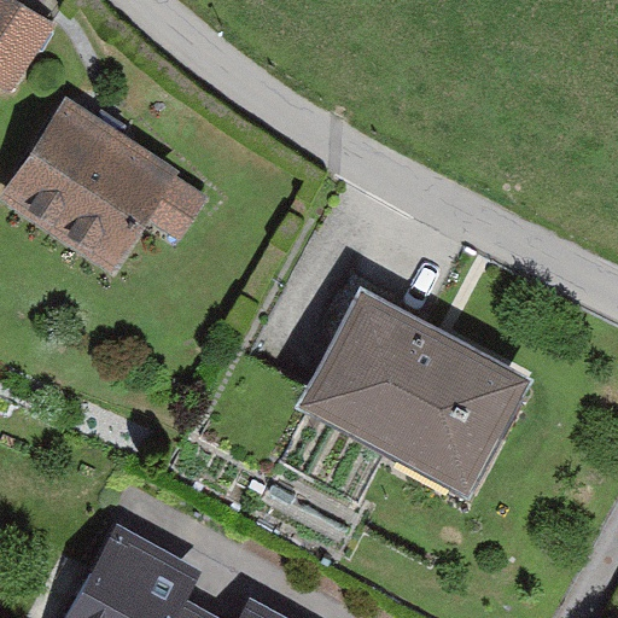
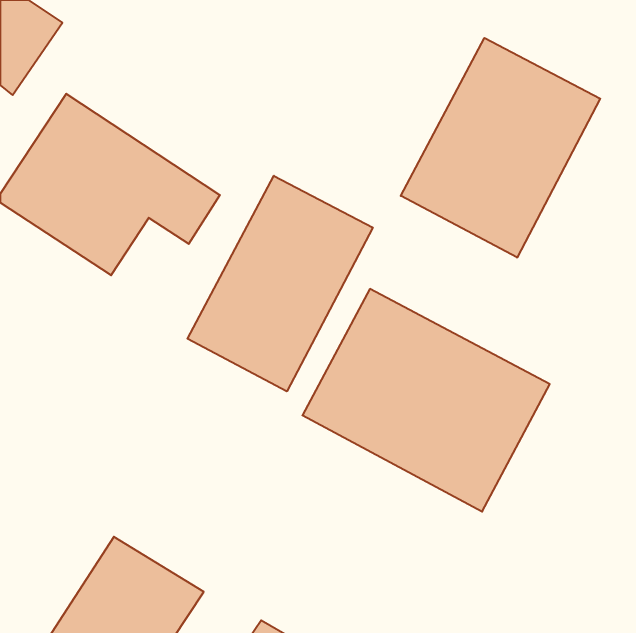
building: none -> [401,38,600,258]
building: none -> [187,176,373,391]

